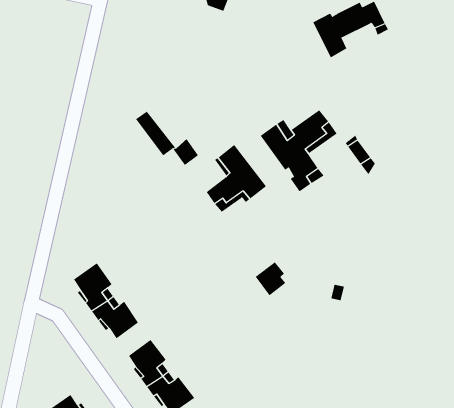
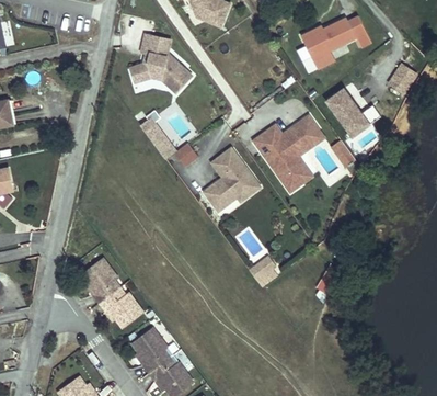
building: none -> [130,34,191,92]
building: none -> [387,63,417,95]
building: none -> [325,89,380,137]

